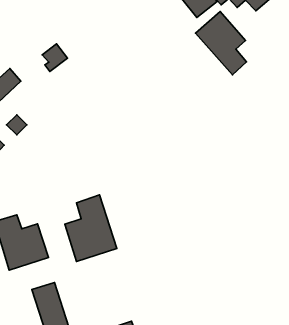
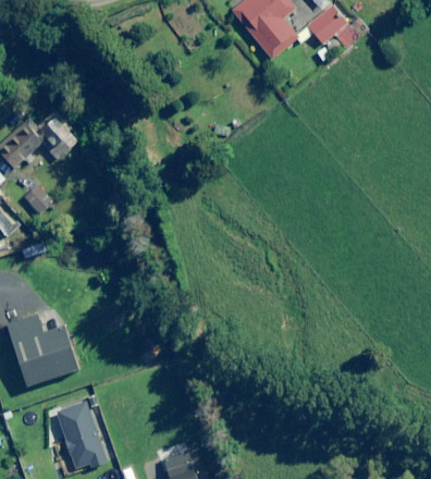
building: [195,11,246,75] -> none
building: [42,44,67,72] -> [45,122,77,158]
building: [65,195,117,261] -> none

